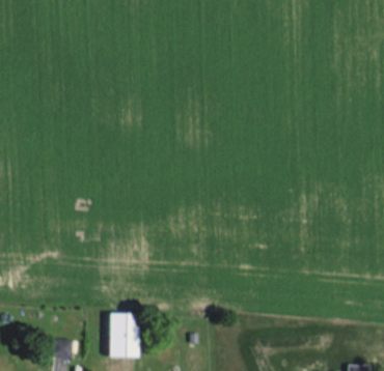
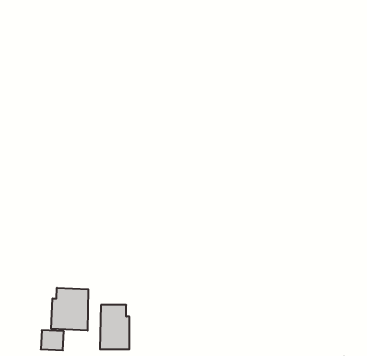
building: none -> [51,288,88,331]

